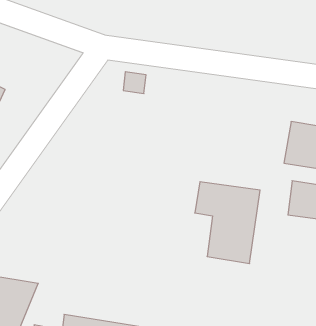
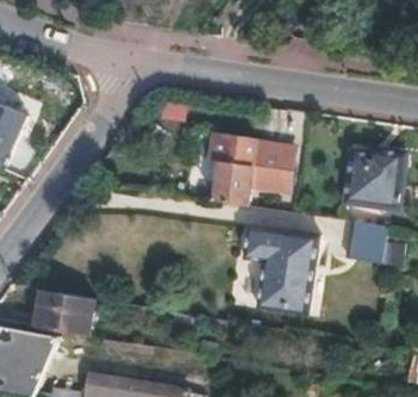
building: none -> [207,136,288,205]
building: none -> [33,290,96,335]

